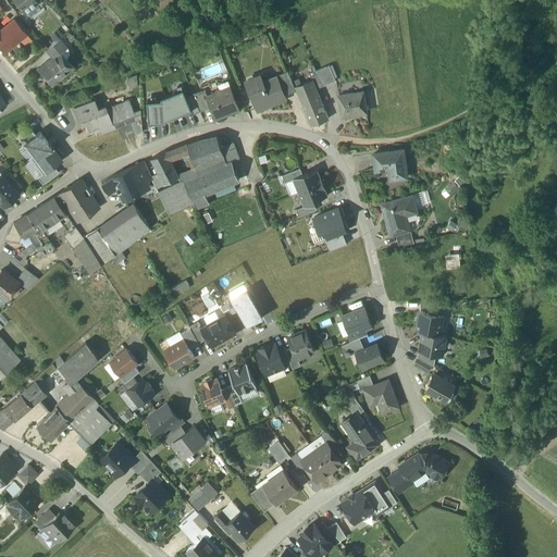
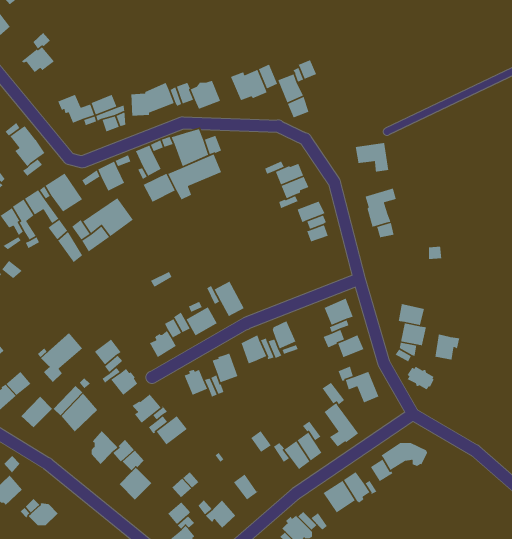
building: [338,94,366,119] -> none
building: none -> [434,334,460,360]
building: [54,384,90,420] -> none
building: [261,470,296,504] -> none

